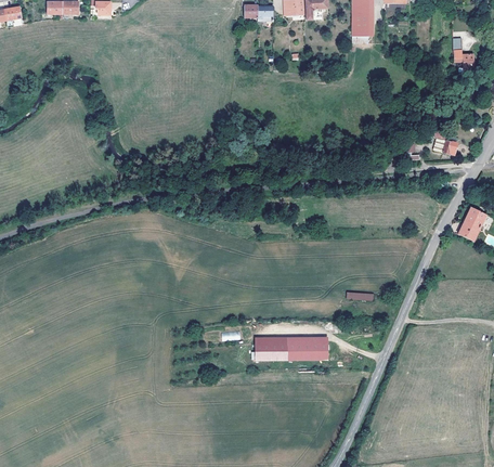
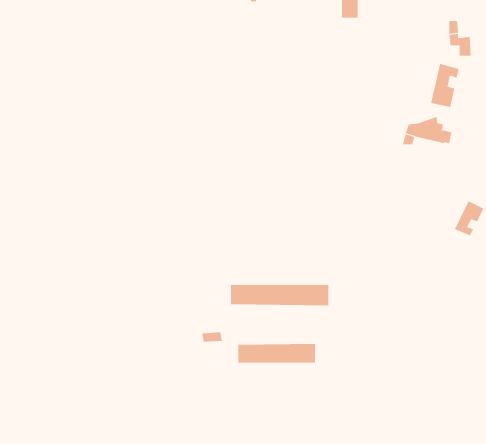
building: none -> [431,63,459,108]
building: none -> [230,284,329,306]

